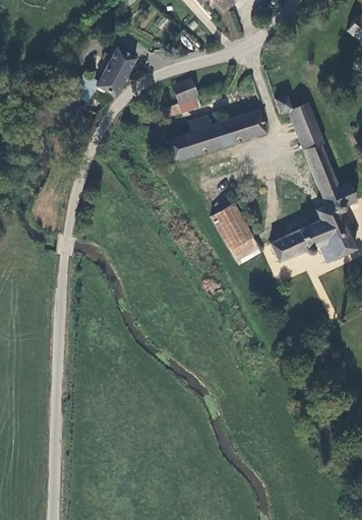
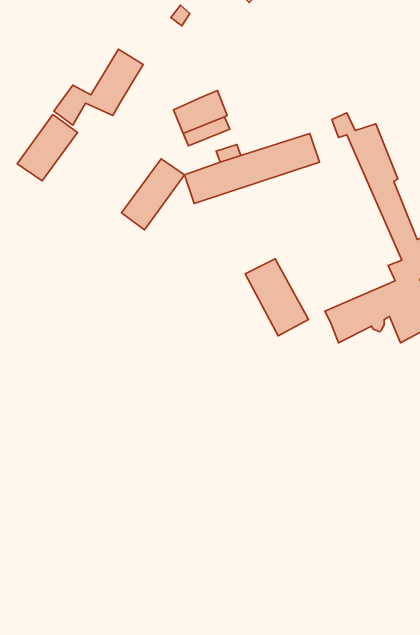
building: none -> [17,114,78,181]
building: none -> [121,159,184,230]

